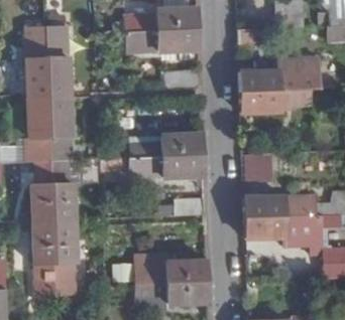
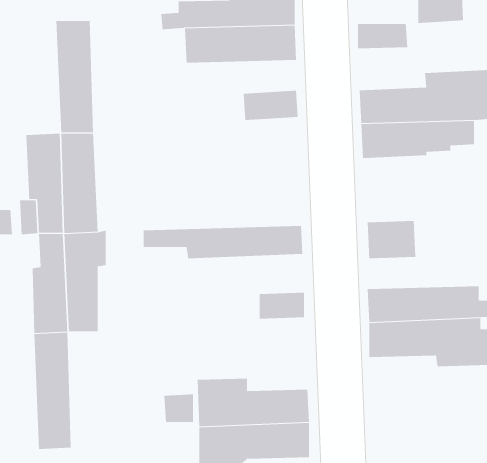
building: [24,26,48,99] -> none
building: [101,134,202,159] -> none
building: [53,222,77,297] -> none

